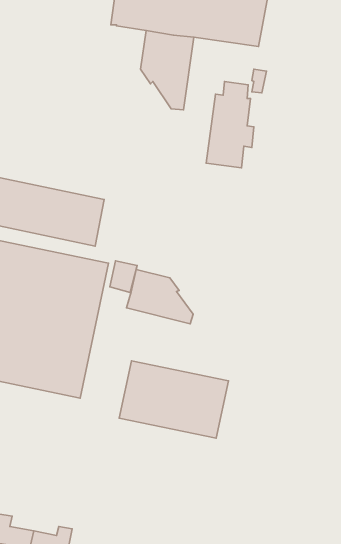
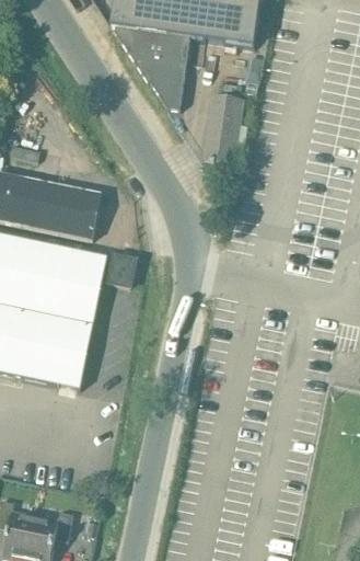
building: none -> [114,26,143,68]
building: [127,270,193,324] -> none
building: [119,361,229,438] -> none

